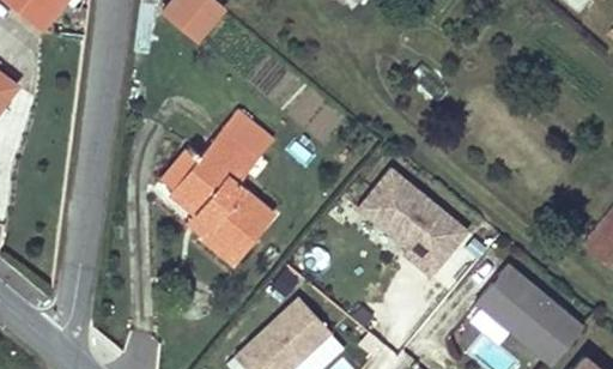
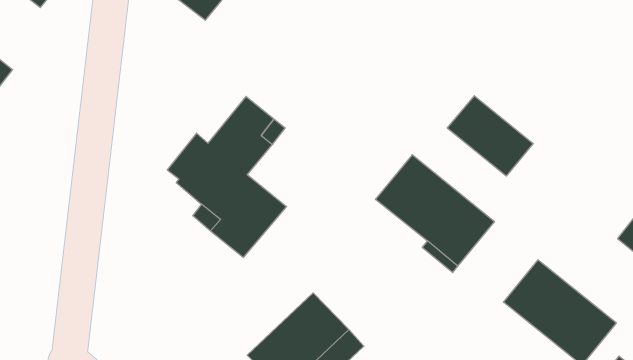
building: none -> [447,96,533,176]

